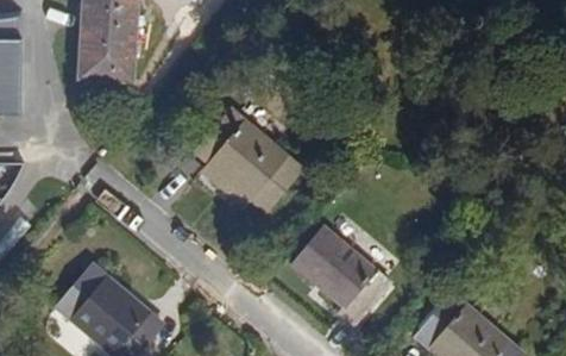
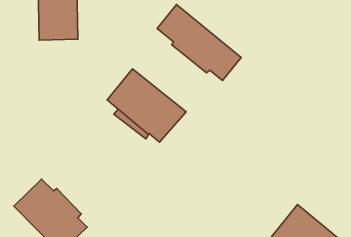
building: none -> [157,5,241,81]
building: [291,229,391,331] -> none

